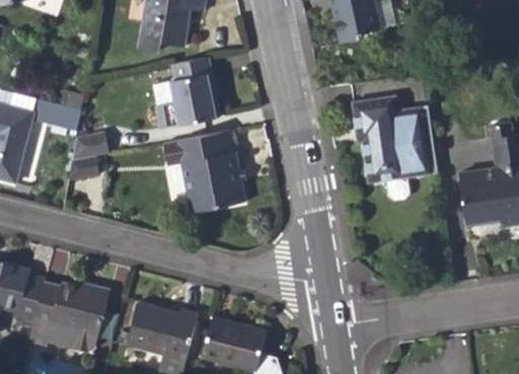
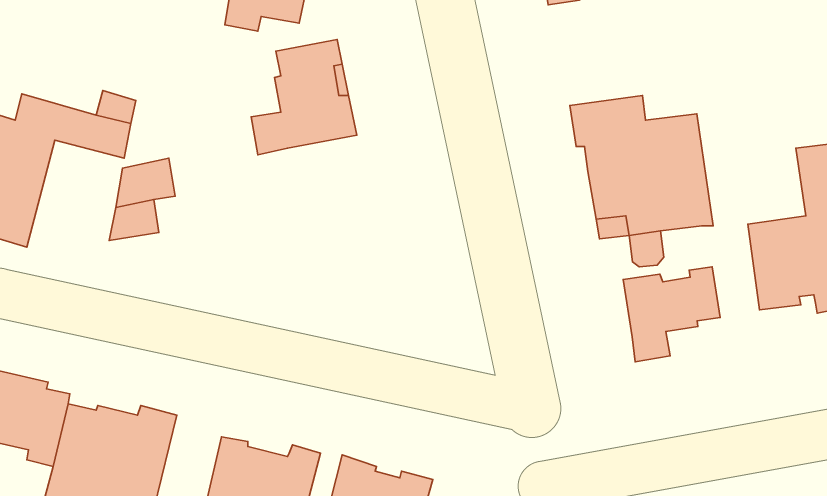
building: [162,131,245,213] -> none
building: none -> [623,267,720,362]

